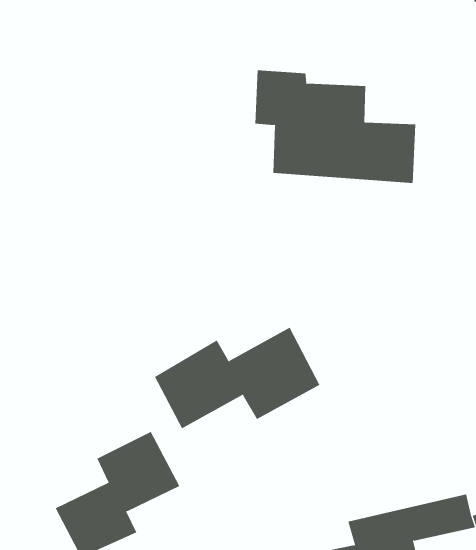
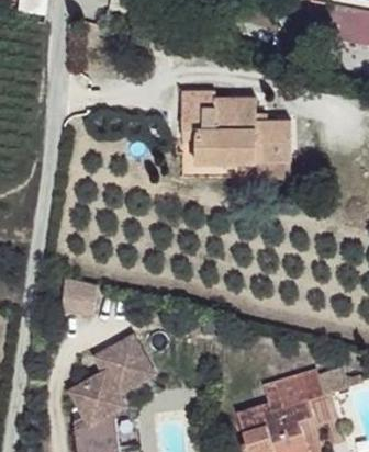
building: [154,327,320,429] -> none
building: none -> [62,279,99,317]

